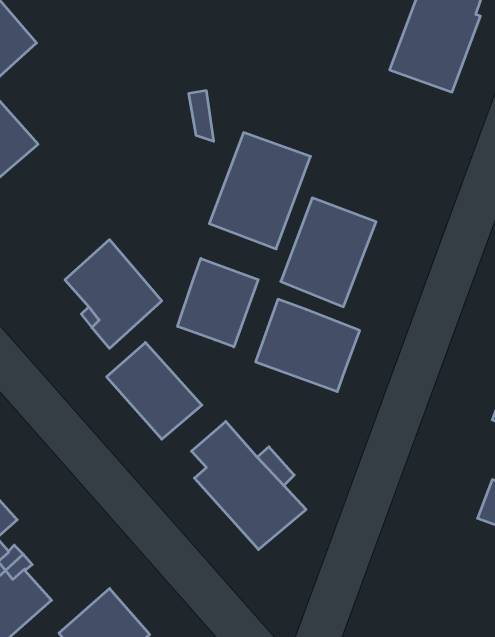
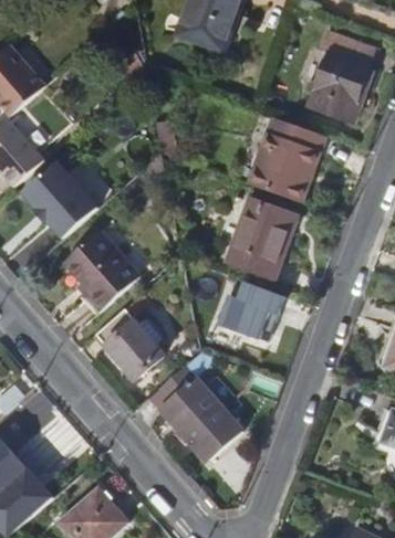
building: [209,133,311,249] -> [250,118,325,204]
building: none -> [22,161,98,239]
building: [178,258,258,347] -> none

